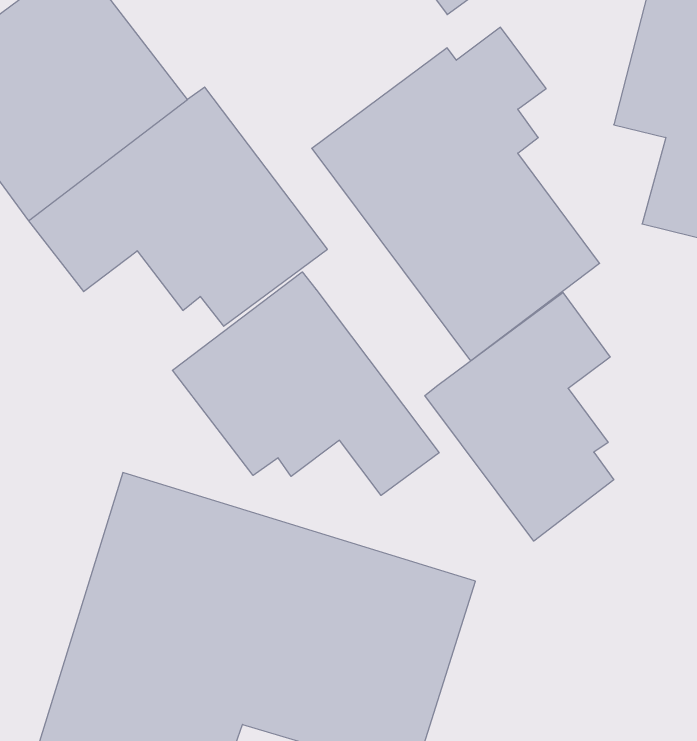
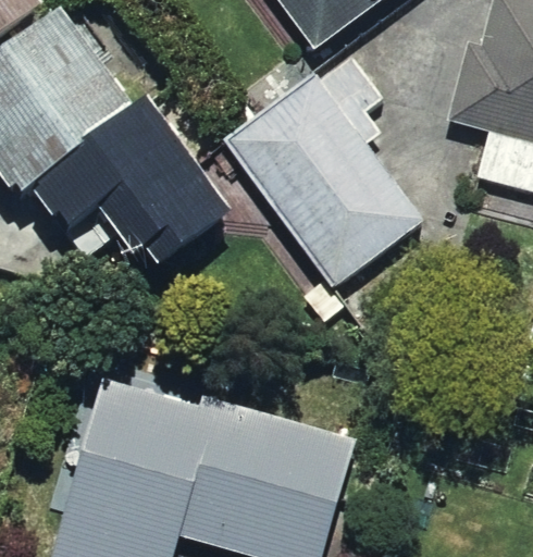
building: [172,272,439,495] -> none
building: [425,292,614,541] -> none

